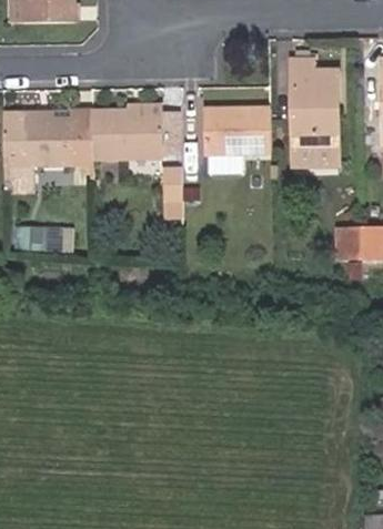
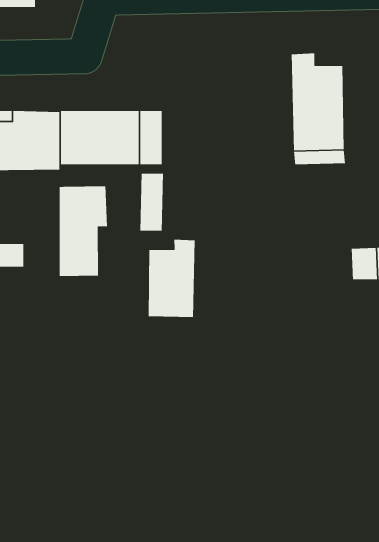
building: [204,106,272,153] -> none
building: none -> [59,186,108,277]
building: none -> [148,239,195,318]

